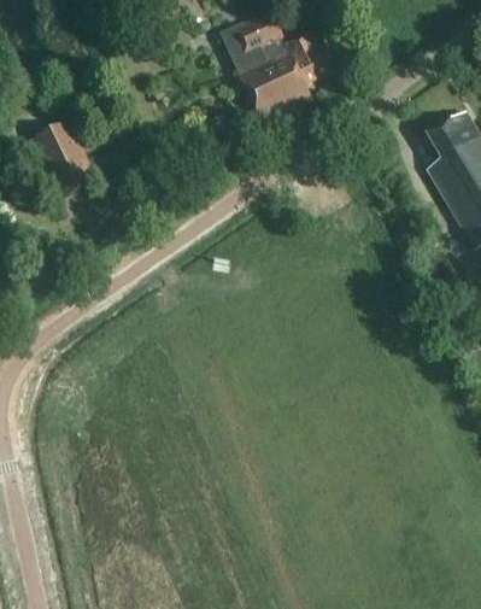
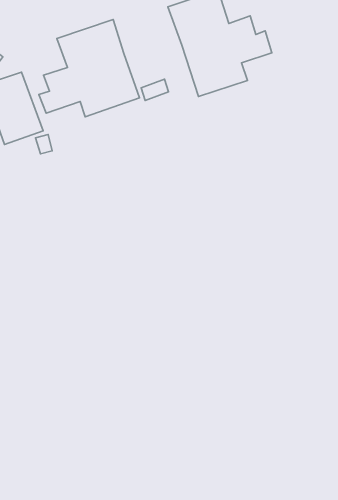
building: none -> [39,19,140,117]

